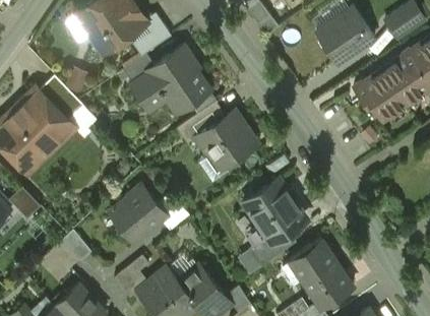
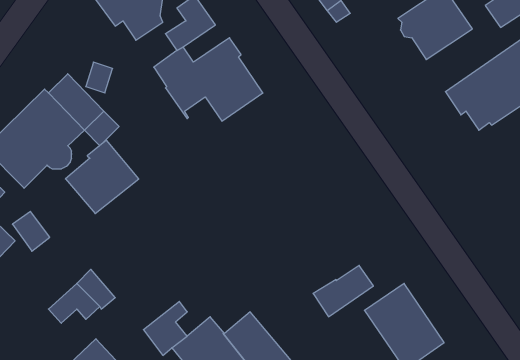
building: [177,106,256,167] -> none
building: [243,179,303,239] -> none
building: [110,184,168,242] -> [65,140,139,214]

